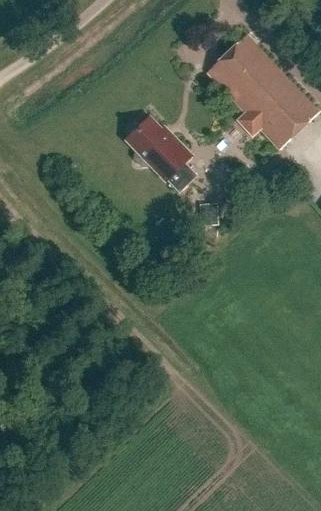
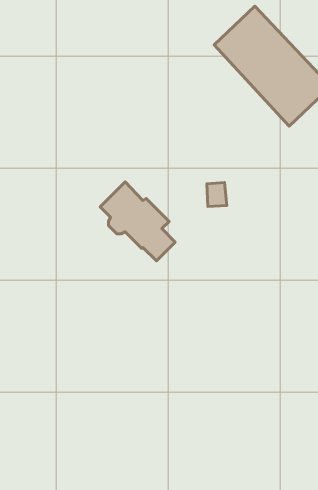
building: [124,114,196,190] -> [100,182,175,261]

